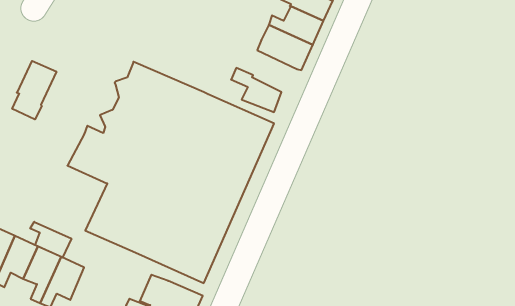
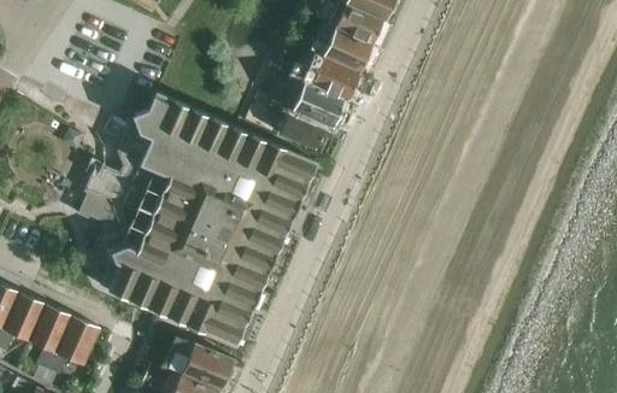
building: none -> [290,82,342,129]
building: [12,61,56,119] -> none
building: [30,222,71,258] -> none

